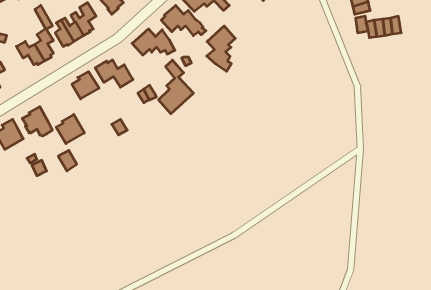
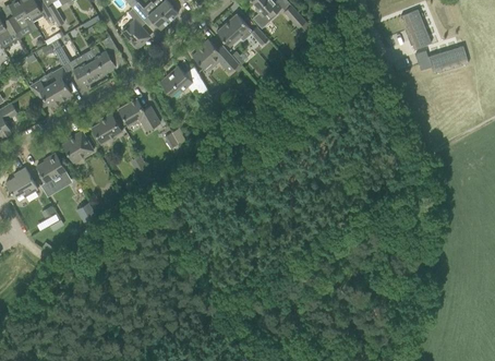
building: [207,26,235,71] -> none
building: [159,60,193,114] -> none
building: [56,114,84,144] -> [62,130,94,163]

